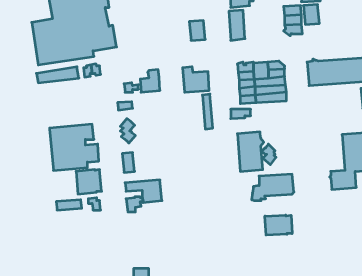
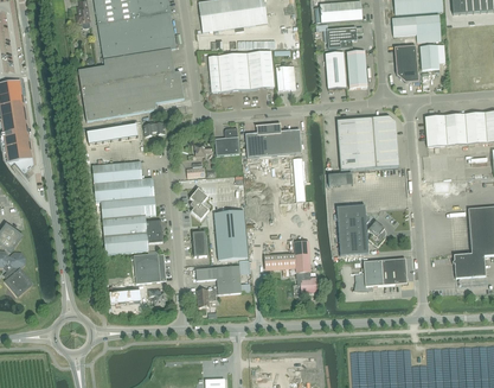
building: none -> [208,50,274,91]
building: none -> [347,50,367,87]
building: none -> [245,123,270,157]
building: none -> [92,160,154,201]
building: none -> [214,209,248,259]
building: none -> [264,240,316,290]
building: [265,215,292,235] -> none

